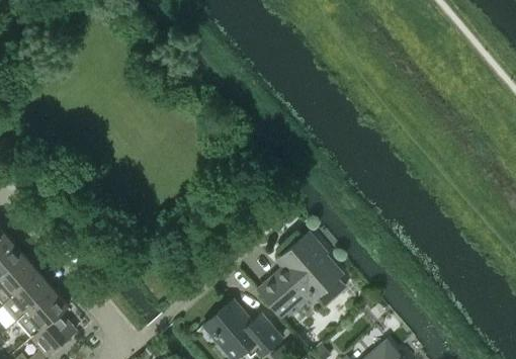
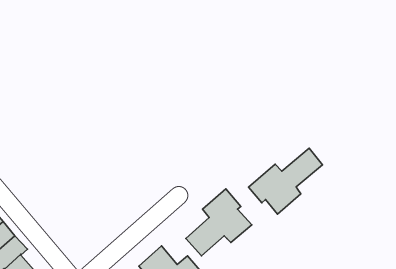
building: none -> [249,148,323,214]

